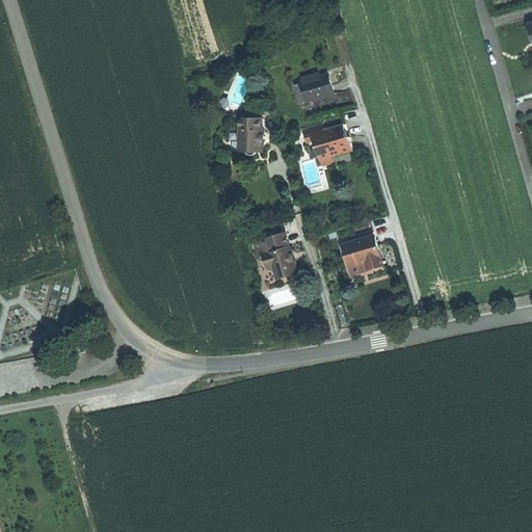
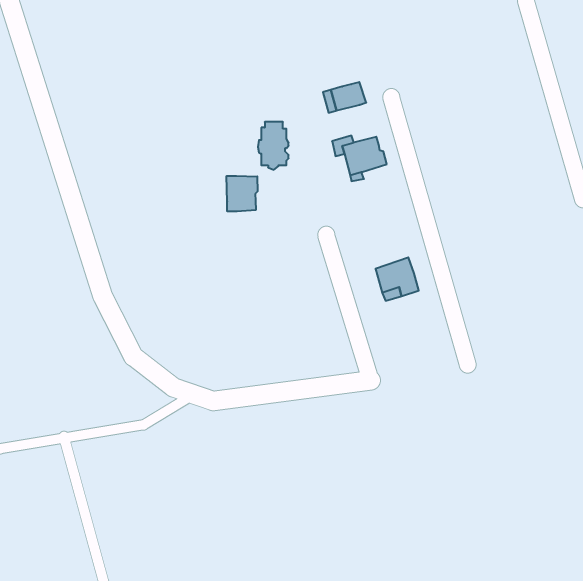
building: none -> [227,176,258,211]
building: [252,233,295,278] -> none

